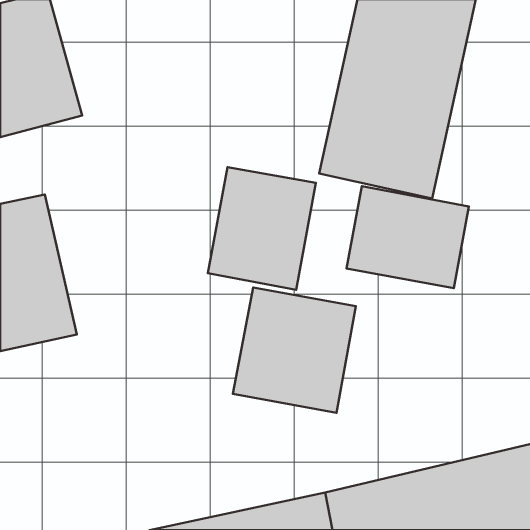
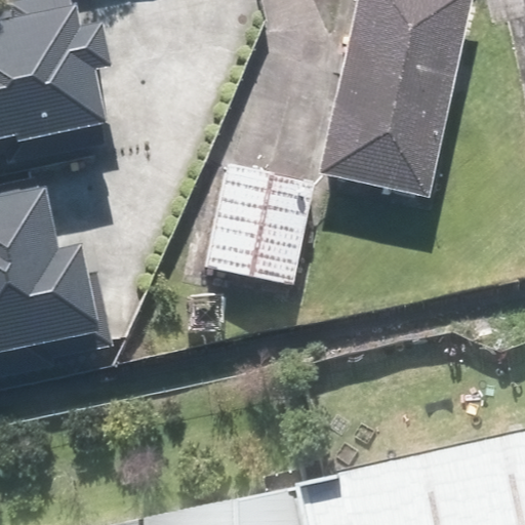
building: [347,186,469,288] -> none
building: [233,287,356,413] -> none

